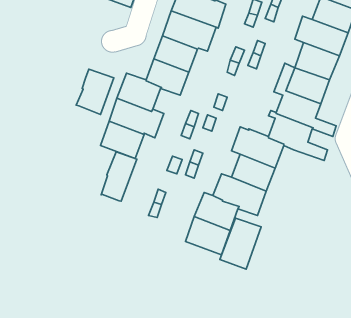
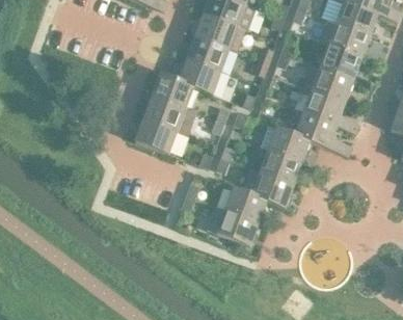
building: [76,69,114,115] -> none
building: [101,152,137,201] -> none
building: [220,218,261,269] -> none

